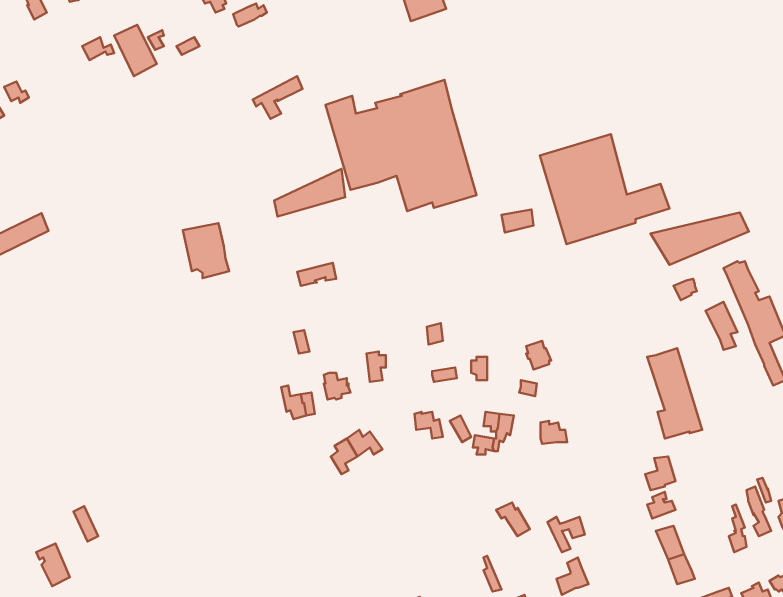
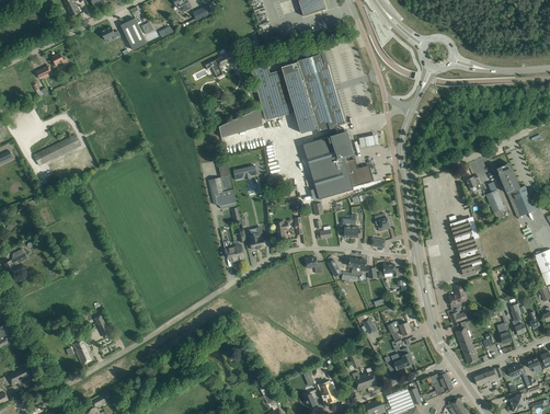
building: [540,134,669,244] -> [305,133,385,200]
building: [650,213,749,265] -> none
building: [183,223,229,278] -> [208,175,237,209]

